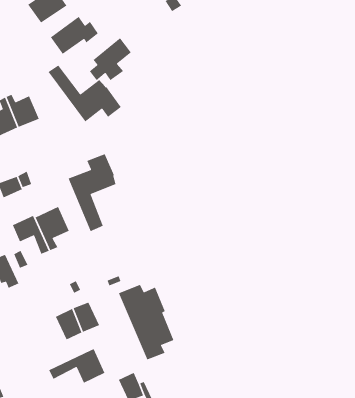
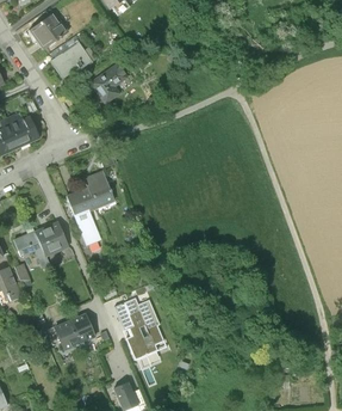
building: [48,64,122,123] -> none
building: [48,348,105,384] -> none

